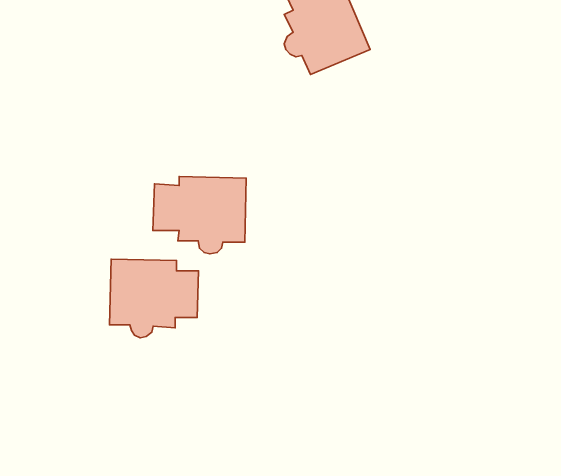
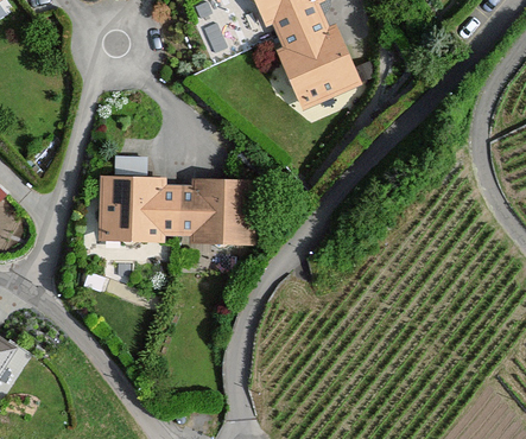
building: [110,259,199,338] -> [103,180,176,244]

